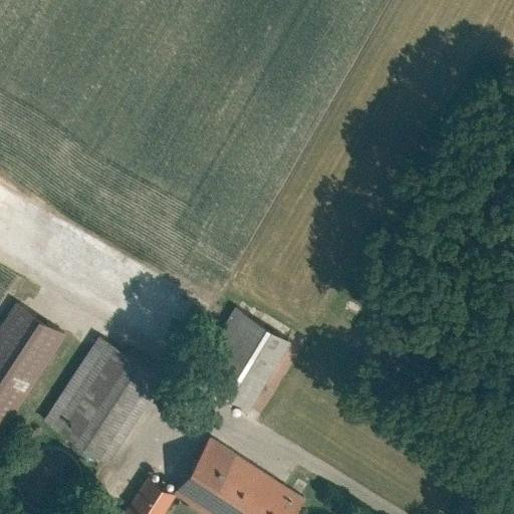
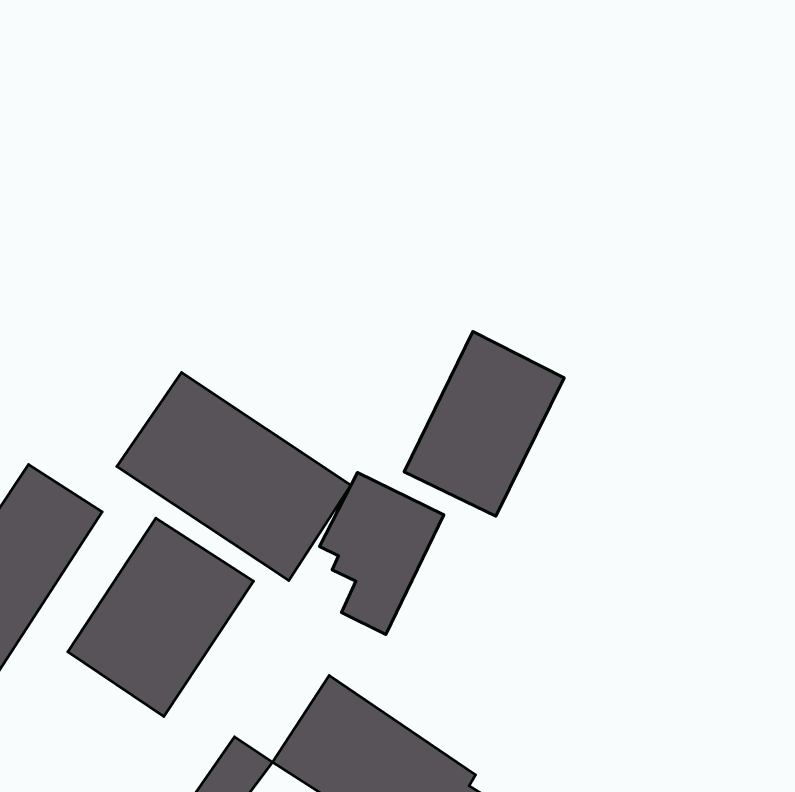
building: none -> [404,332,564,516]
building: none -> [117,372,351,581]

